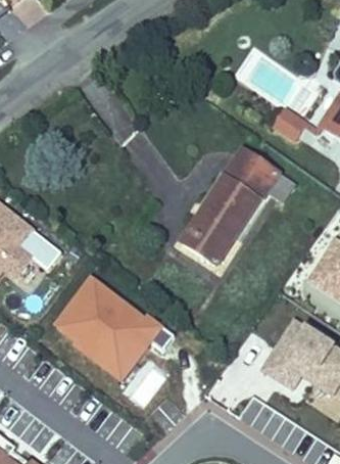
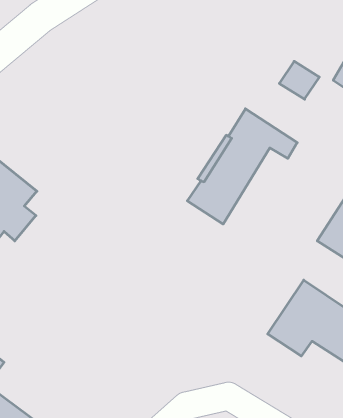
building: [54,276,177,383] -> none

